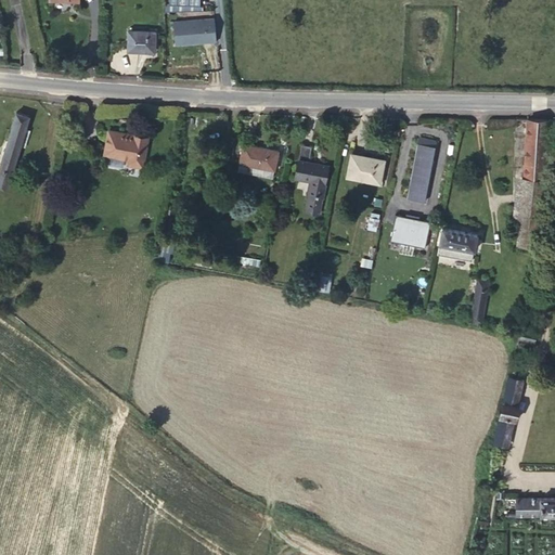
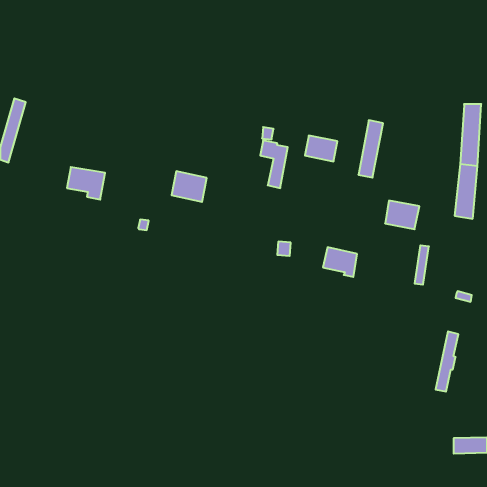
building: [172,20,215,43] -> none
building: [128,31,156,53] -> none
building: [105,131,149,168] -> [67,167,105,200]
building: [238,144,279,179] -> [172,171,207,202]
building: [391,214,430,247] -> [323,247,357,277]

